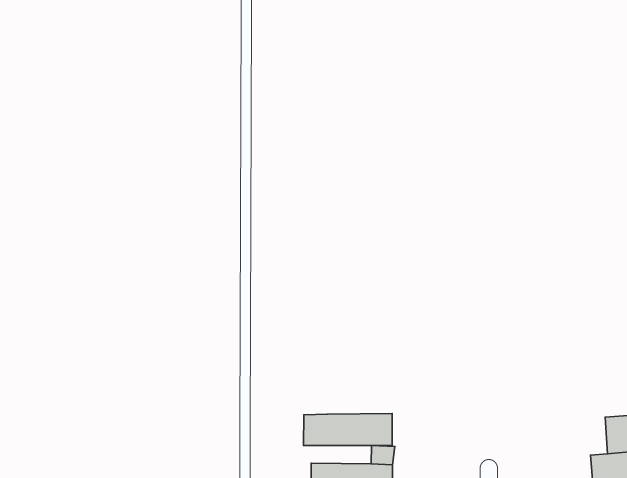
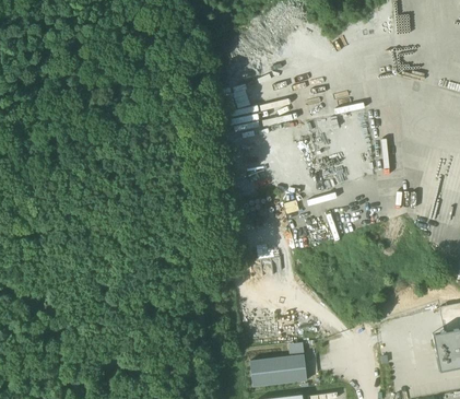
building: [303,413,392,446] -> none

